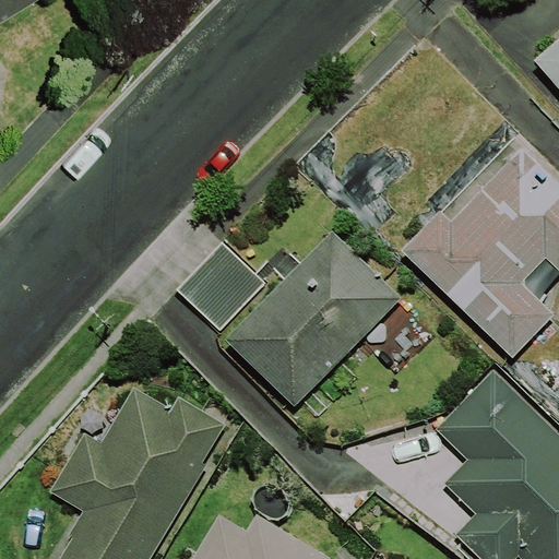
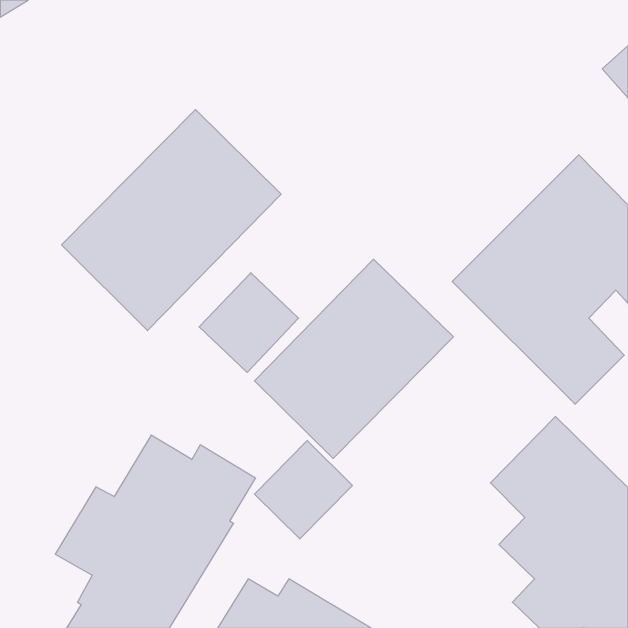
building: none -> [62,110,281,331]
building: none -> [254,441,352,539]

